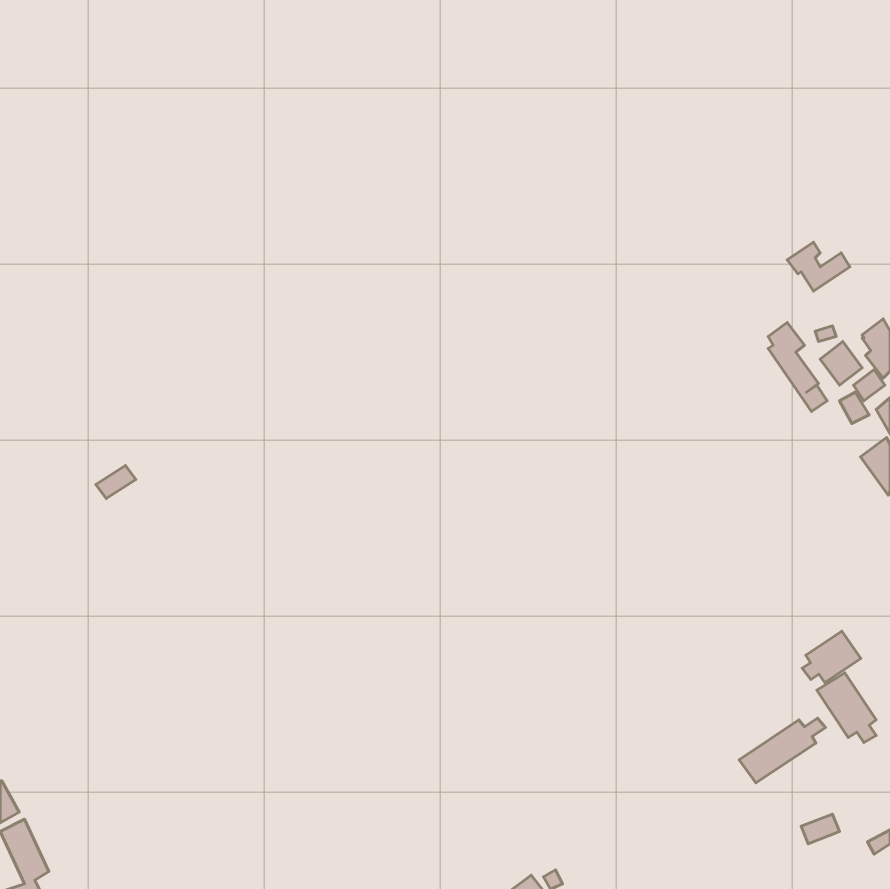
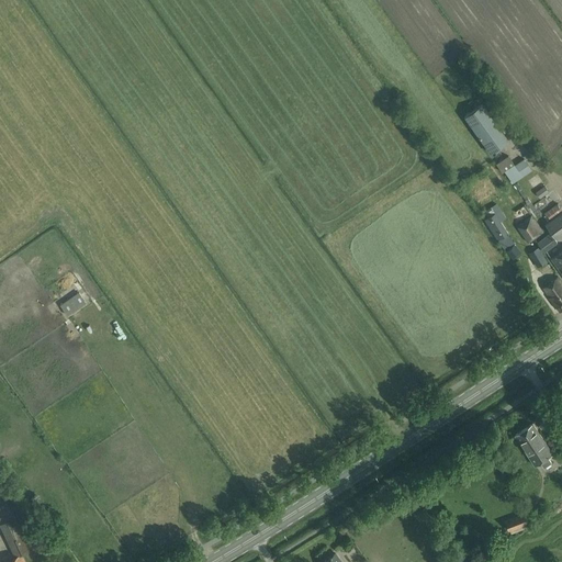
building: none -> [464,104,508,155]
building: [802,631,861,682] -> none
building: [739,718,825,783] -> none

